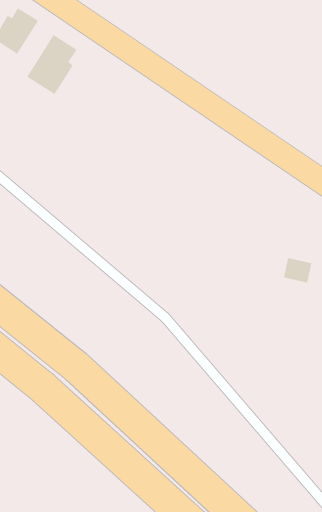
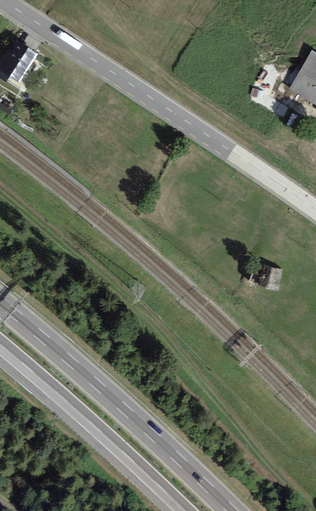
building: [26,34,78,95] -> none

